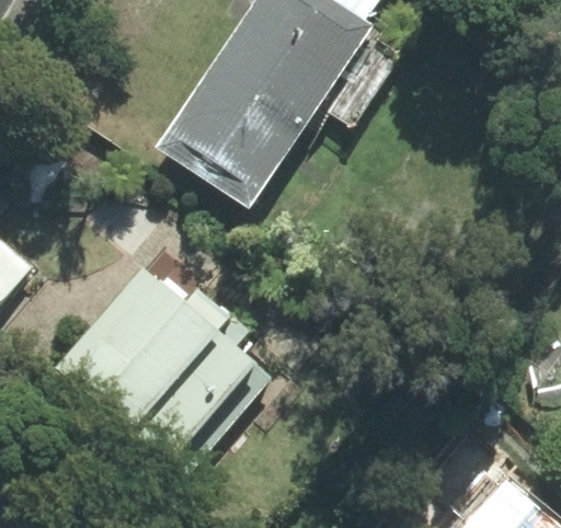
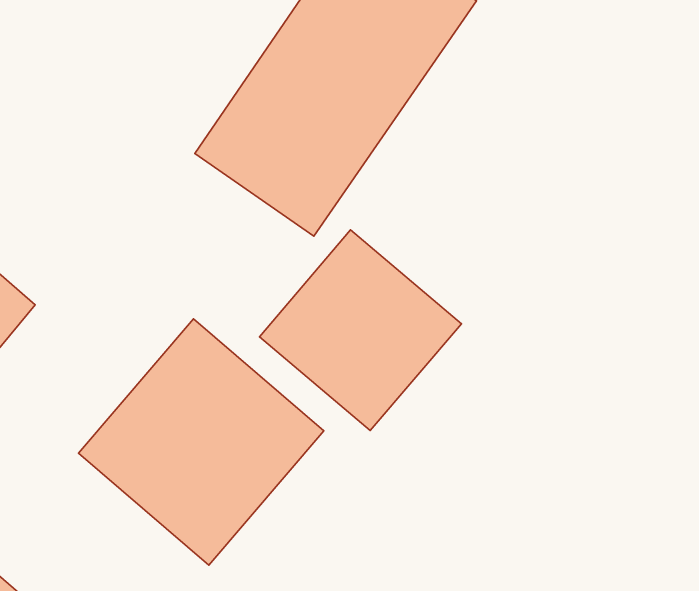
building: none -> [260,230,461,431]

